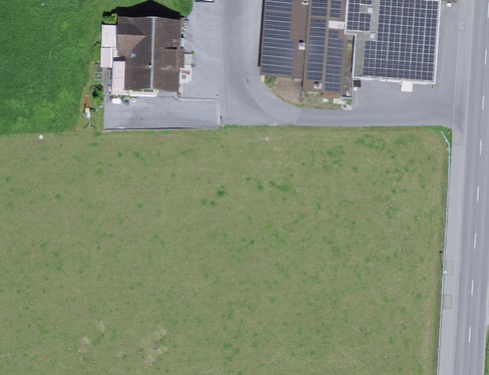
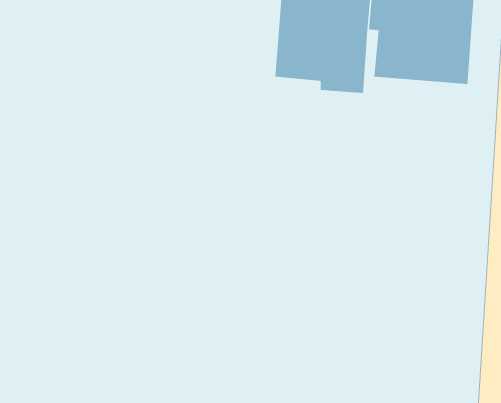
building: [101,16,179,88] -> none

